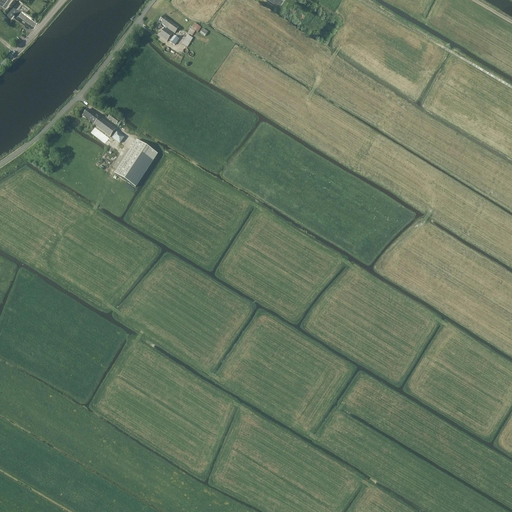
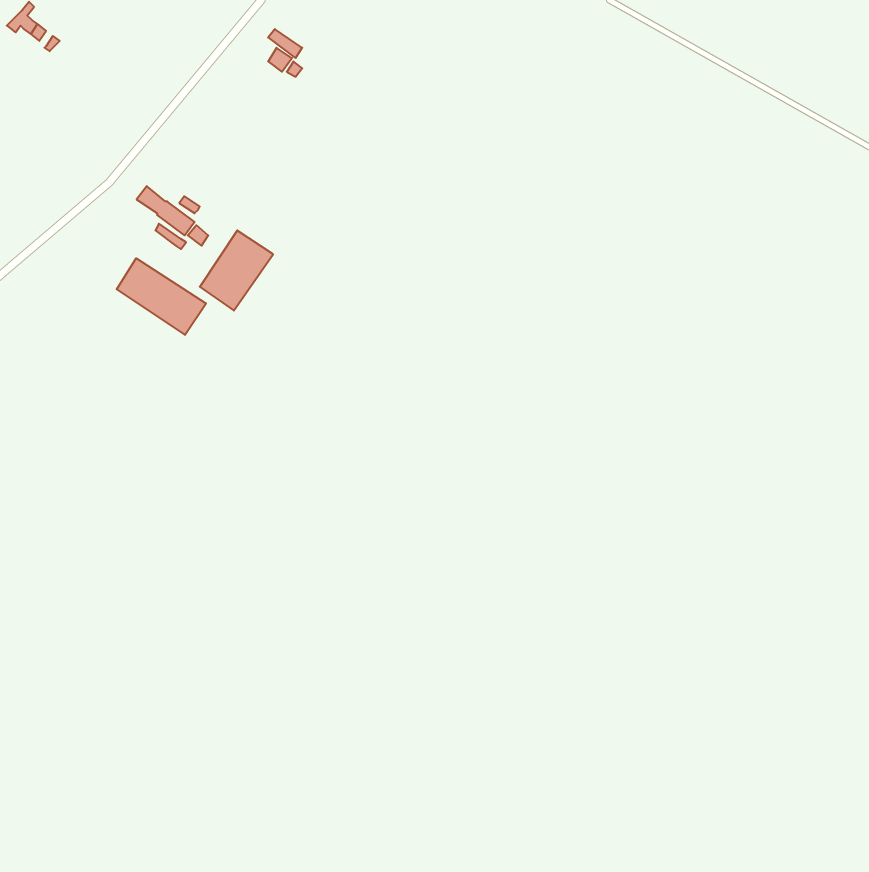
building: none -> [117,258,206,335]

